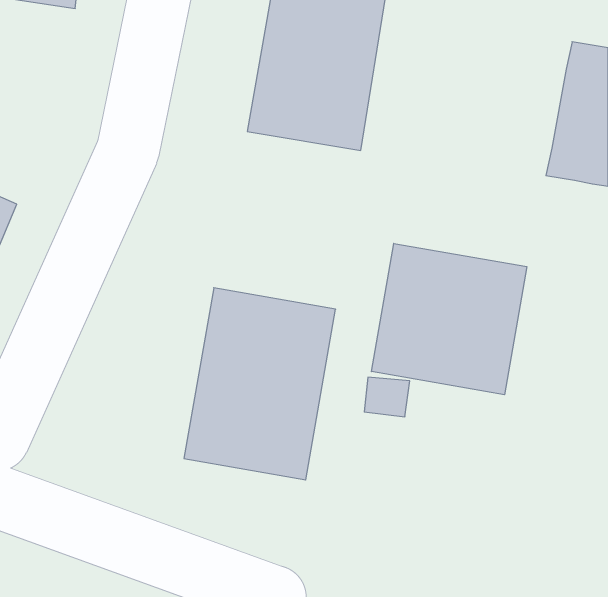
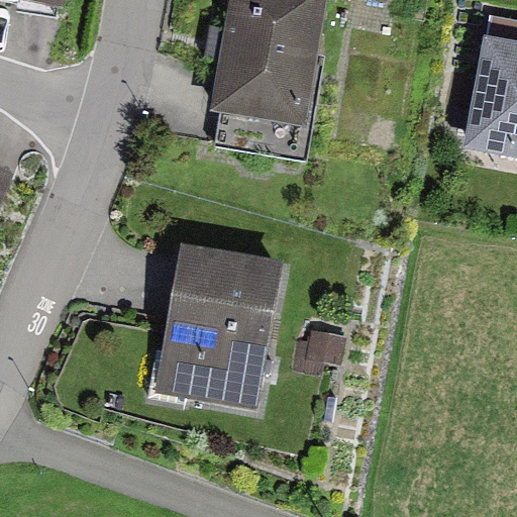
building: [371,243,527,395] -> none

